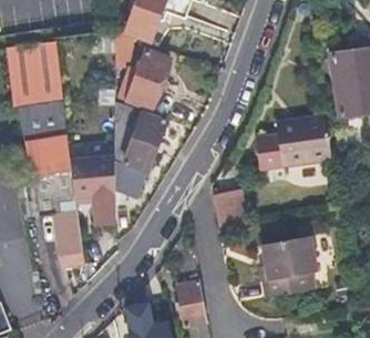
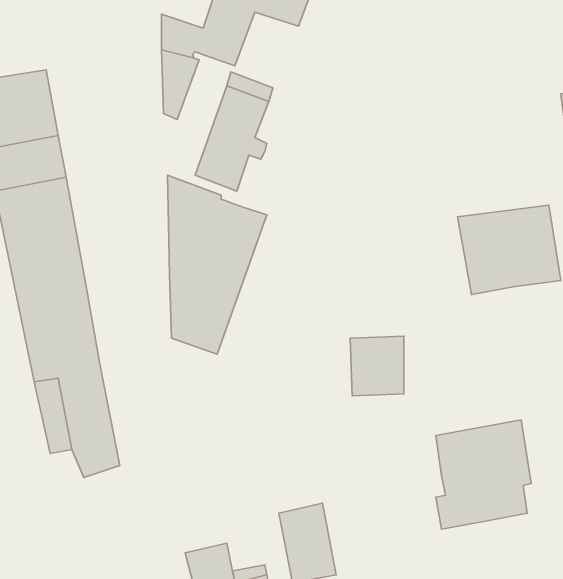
building: [68,155,116,227] -> none

